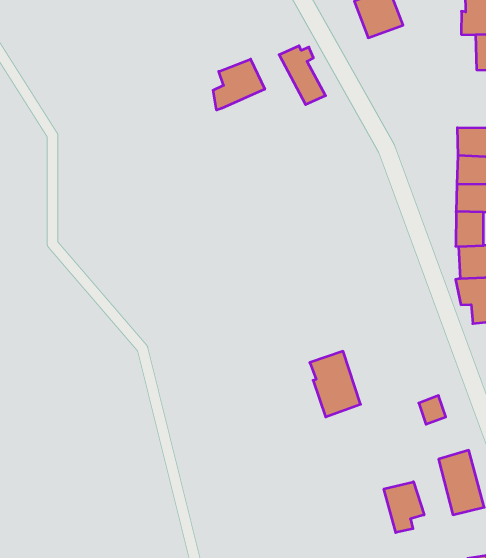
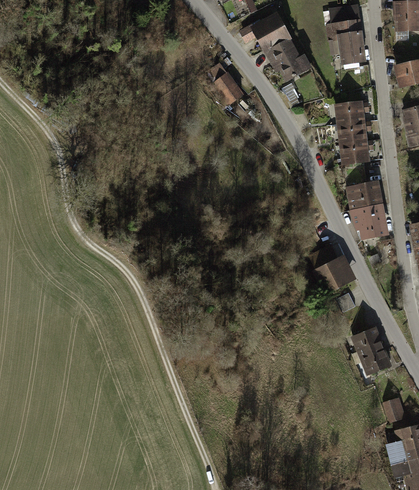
building: none -> [266,39,306,80]
building: [213,59,265,110] -> none
building: [310,351,361,417] -> [310,246,349,293]
building: [384,482,424,533] -> none

